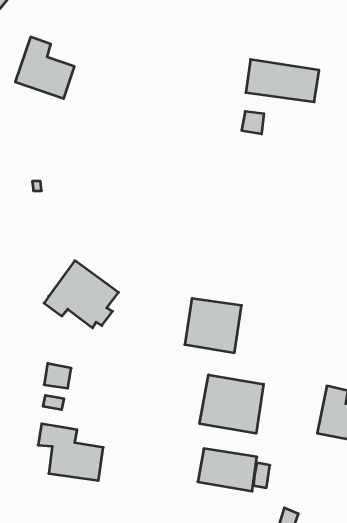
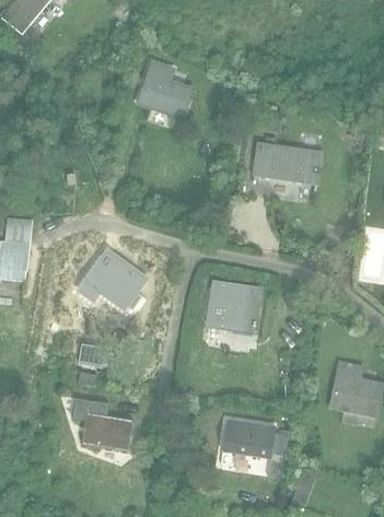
building: [15,37,74,99] -> [137,61,191,118]
building: [246,59,319,102] -> [253,143,321,183]
building: [200,375,264,433] -> none

